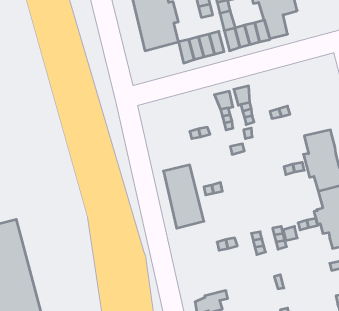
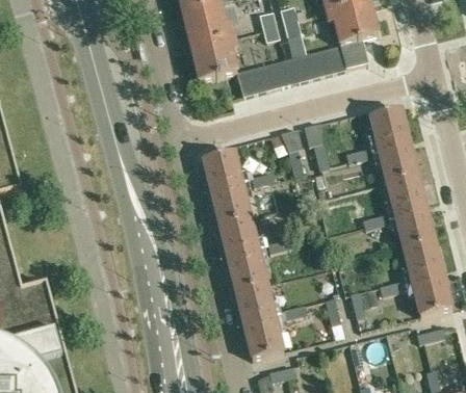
building: none -> [367,107,417,182]
building: none -> [203,151,251,224]
building: none -> [235,283,284,359]

